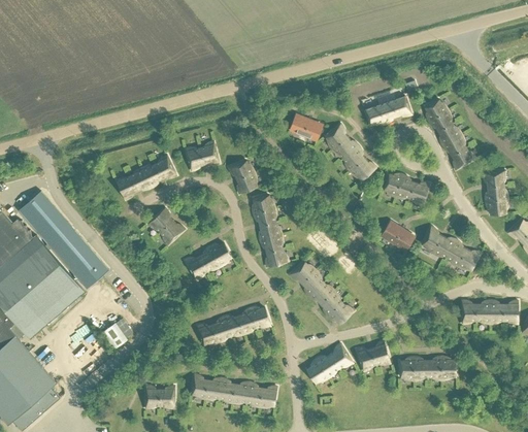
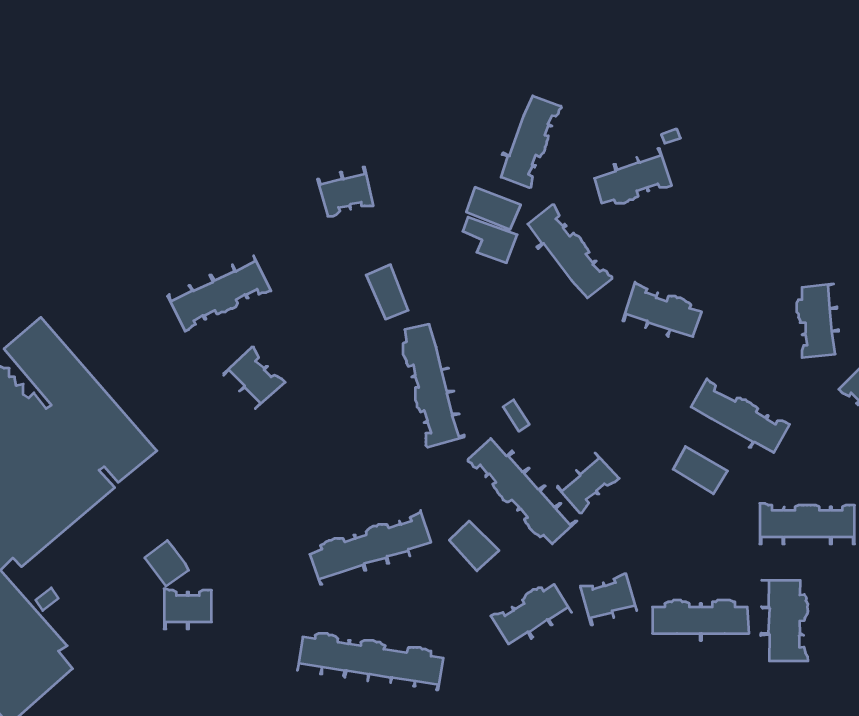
building: none -> [501,96,561,188]
building: [425,99,475,169] -> none
building: [185,140,218,169] -> [317,167,373,216]
building: [382,222,414,250] -> [673,446,728,494]
building: [186,243,231,280] -> none
building: none -> [557,453,619,513]
building: none -> [449,521,499,571]
building: none -> [761,580,808,661]
building: [145,386,173,409] -> [164,589,212,629]

